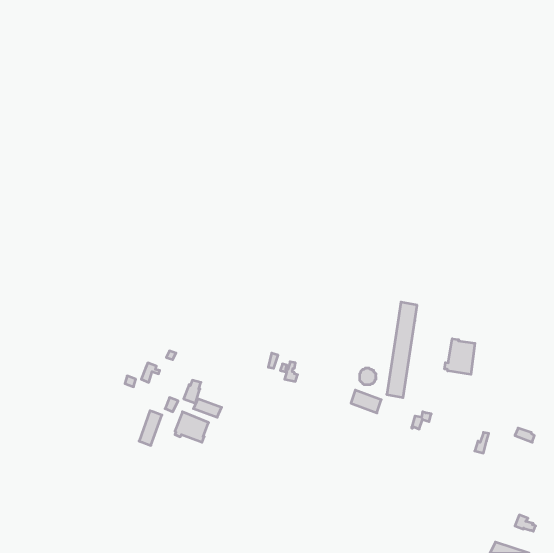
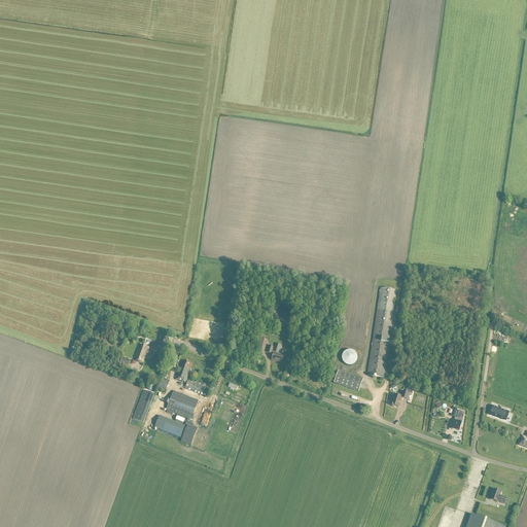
building: [445,339,475,374] -> none
building: none -> [153,415,197,444]

